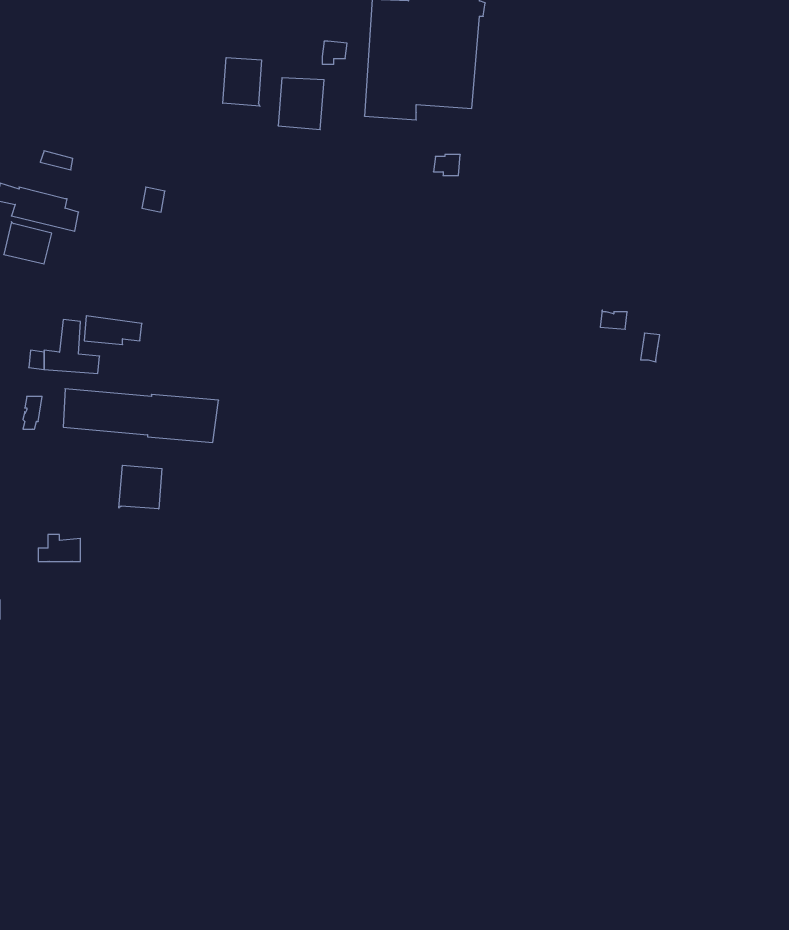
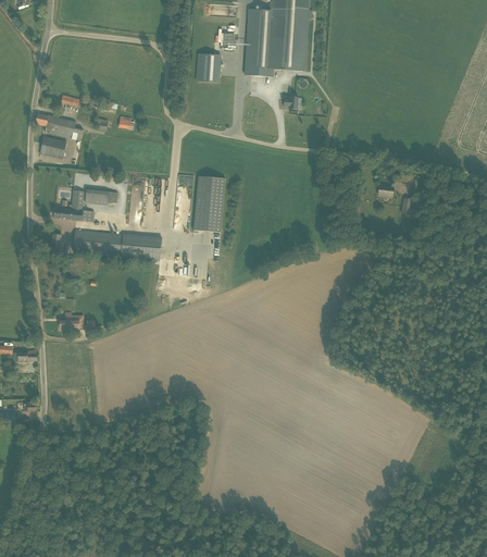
building: [223,58,261,106] -> none
building: none -> [192,175,225,232]
building: [119,465,162,509] -> none

